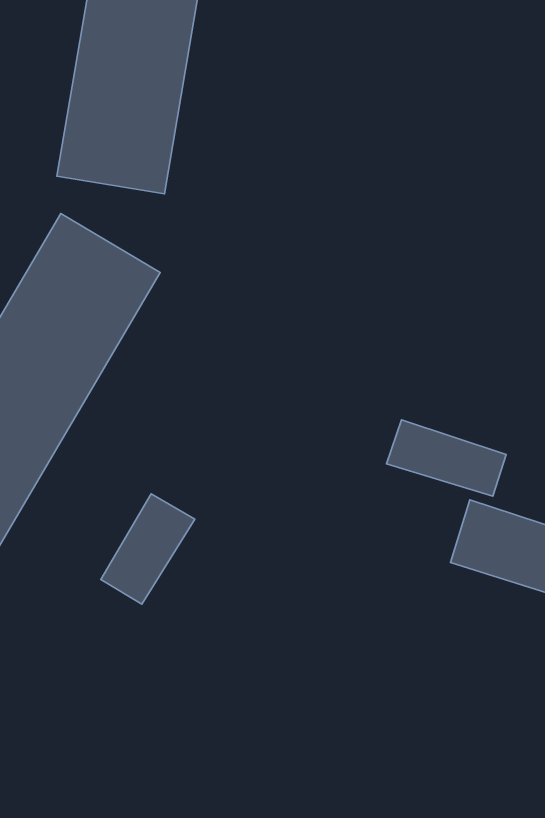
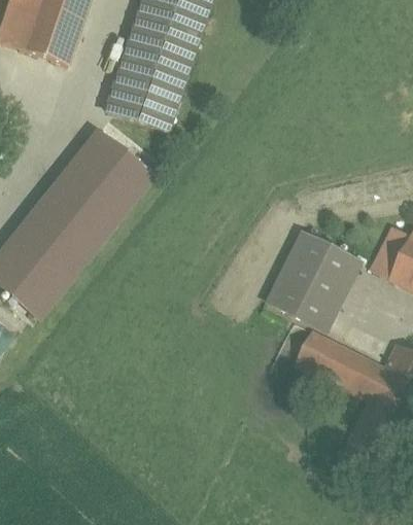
building: none -> [280,233,359,306]
building: [101,494,195,604] -> none

